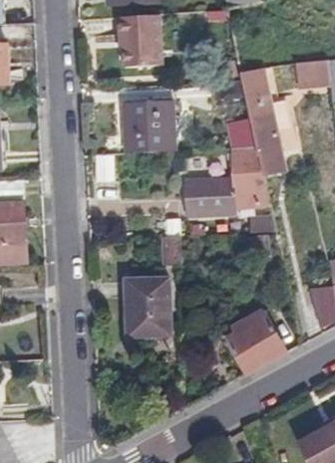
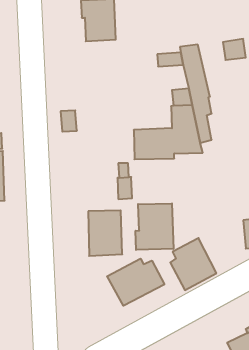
building: [124,99,174,150] -> none
building: none -> [136,203,173,250]
building: none -> [107,259,164,306]

